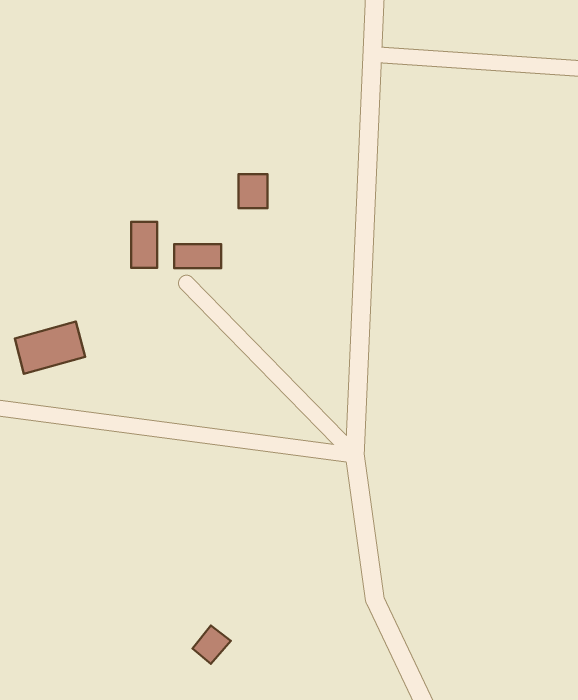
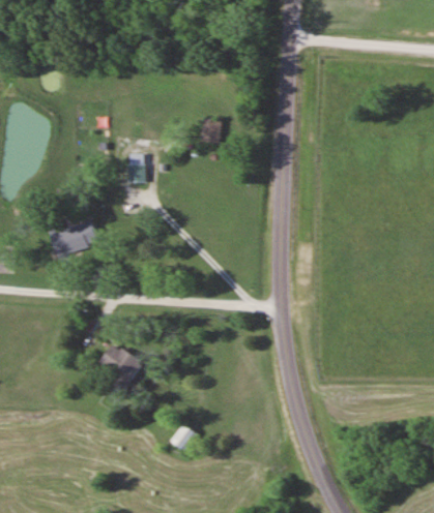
building: [174,244,221,268] -> none
building: none -> [97,342,142,385]

